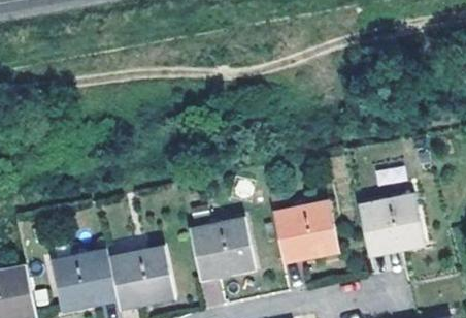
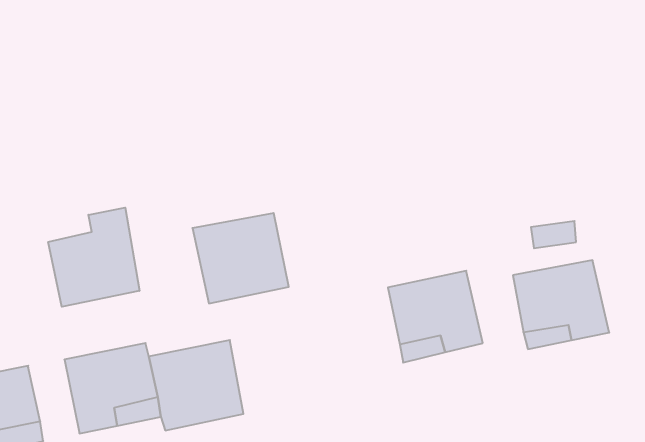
building: none -> [48,208,139,307]
building: [188,218,254,280] -> [192,213,289,303]

